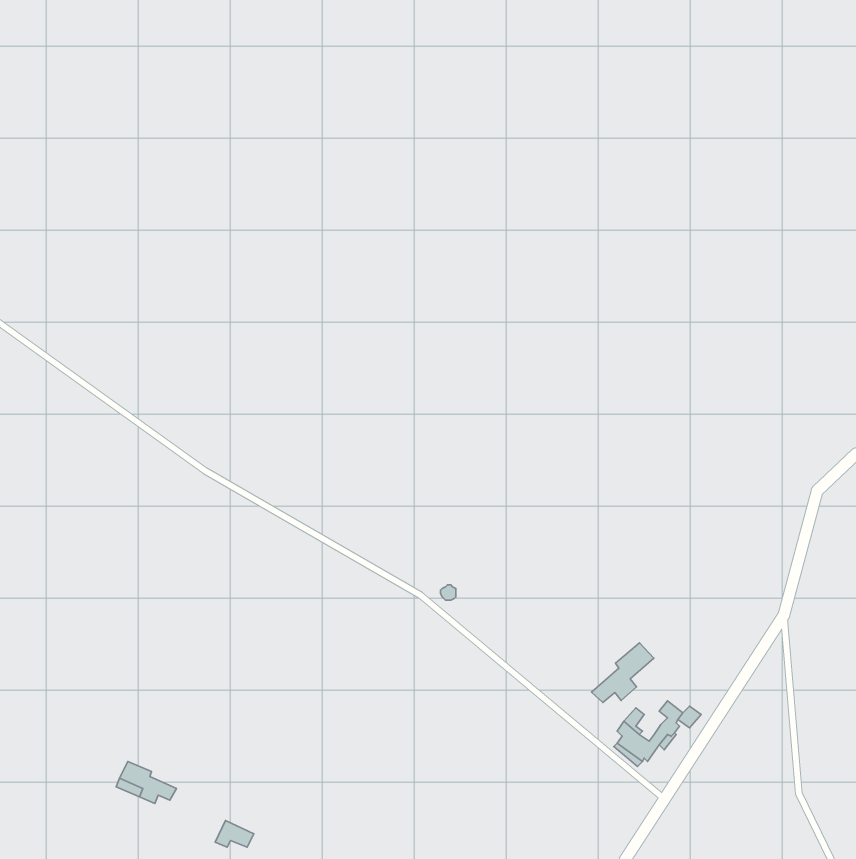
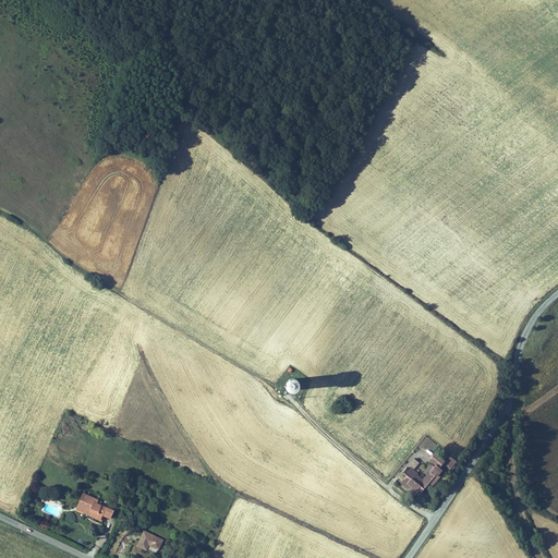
building: [592,643,654,703] -> none

